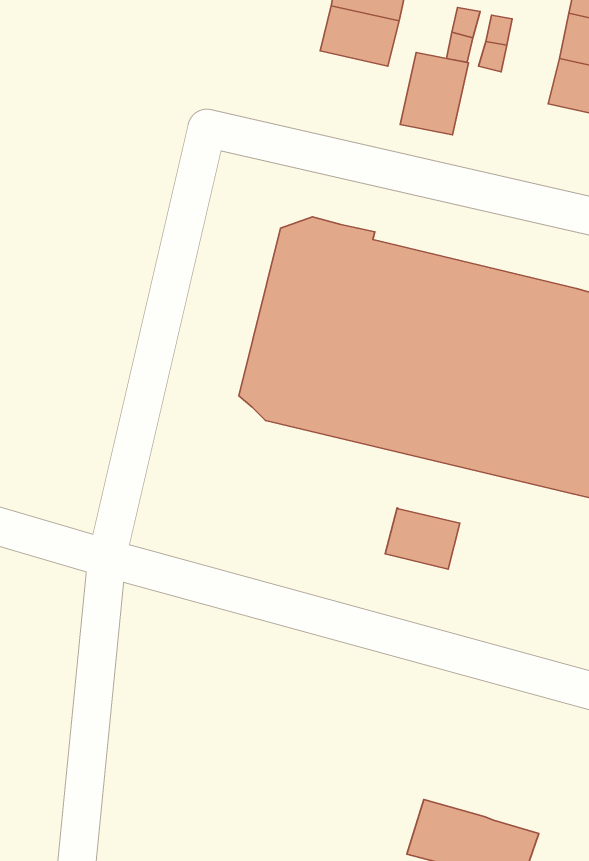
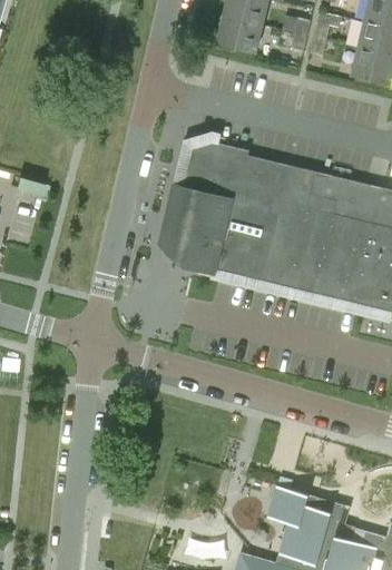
building: [400,53,469,135] -> none
building: [385,508,460,569] -> none

